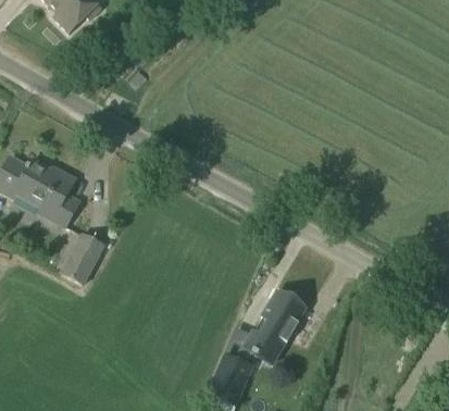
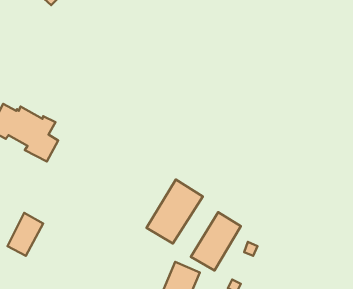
building: [61,231,105,284] -> [7,213,43,256]
building: none -> [147,180,203,244]

